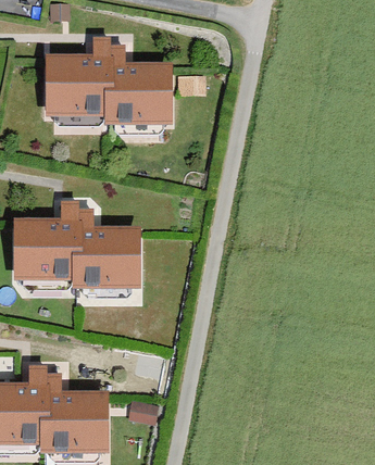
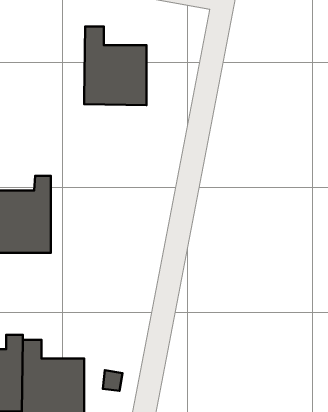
building: [48,38,109,120] -> none
building: [73,206,137,289] -> none

